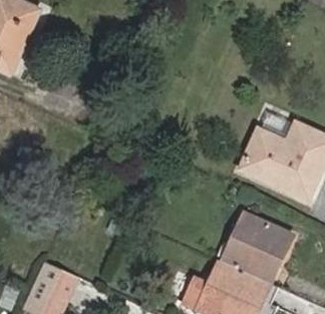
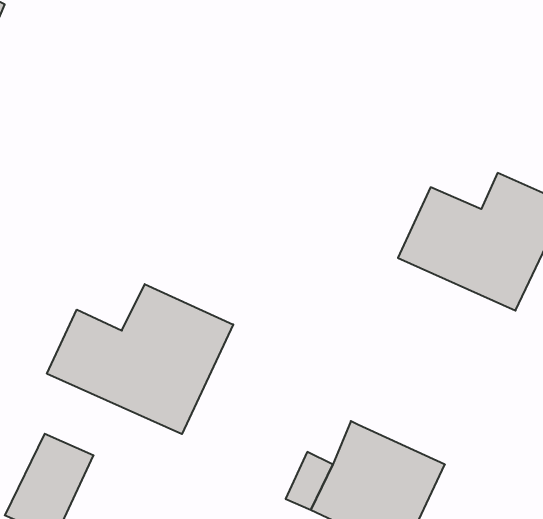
building: none -> [47,284,233,434]
building: [222,213,292,283] -> none

